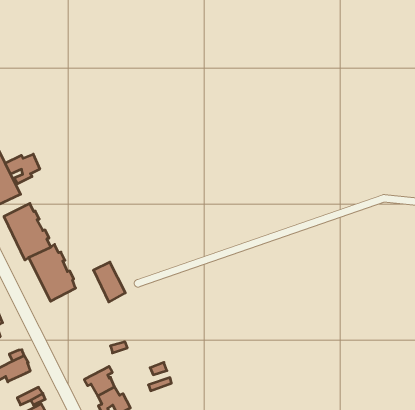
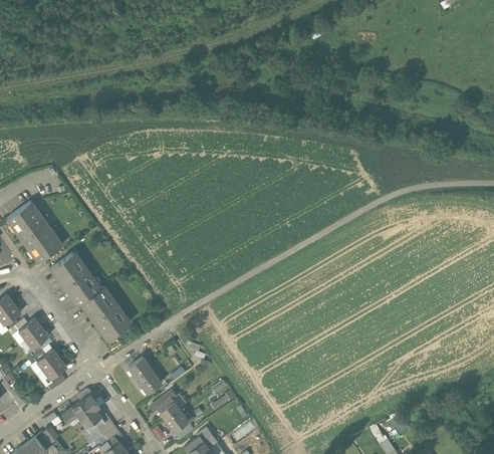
building: [5,154,40,184] -> none
building: [93,262,125,302] -> [129,357,162,394]
building: none -> [80,410,109,434]

